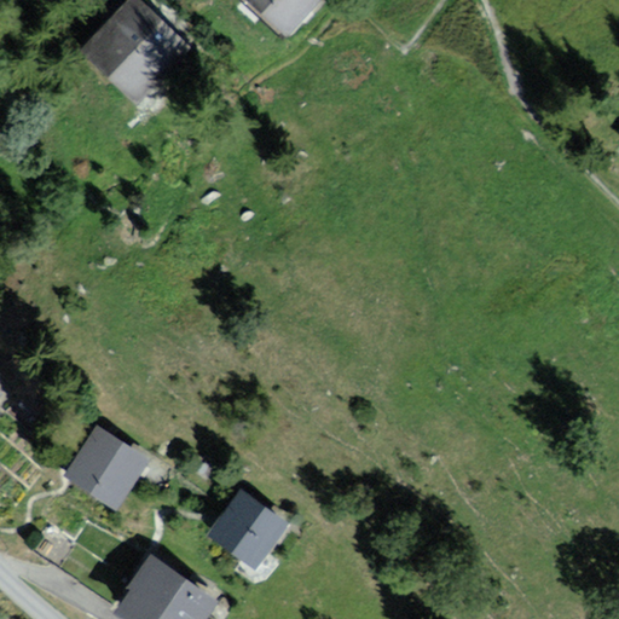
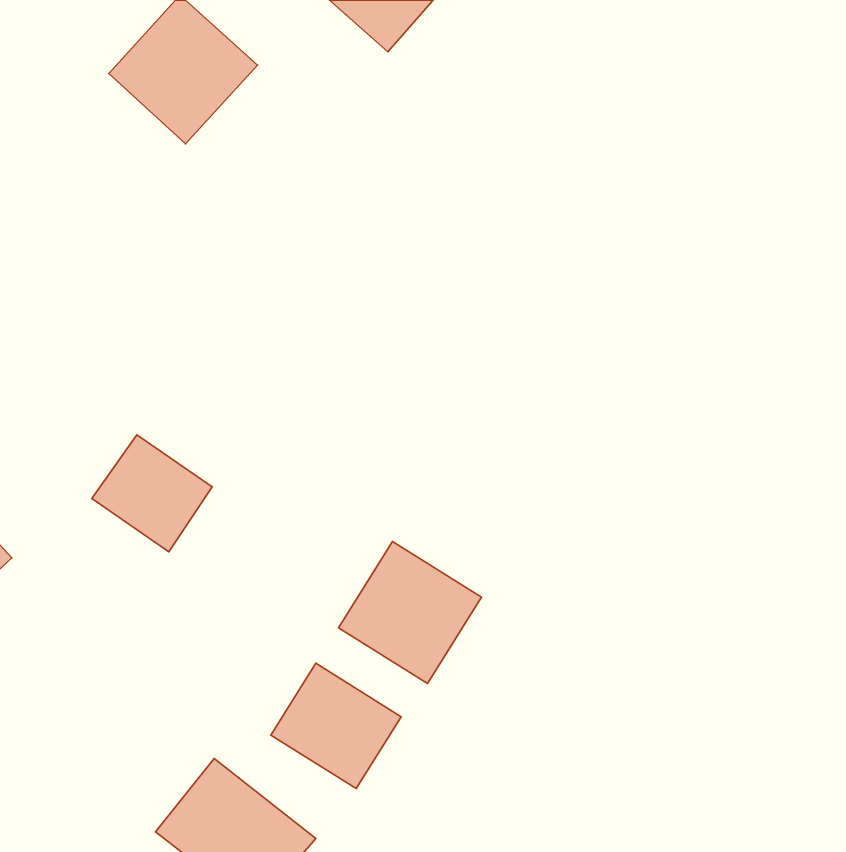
building: none -> [338,541,482,684]
building: [63,423,150,508] -> [92,435,212,552]

